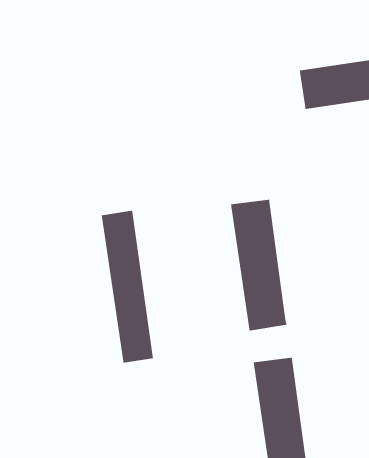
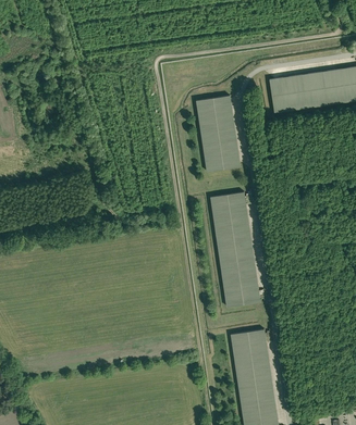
building: none -> [197,96,241,172]
building: [101,210,153,364] -> none

